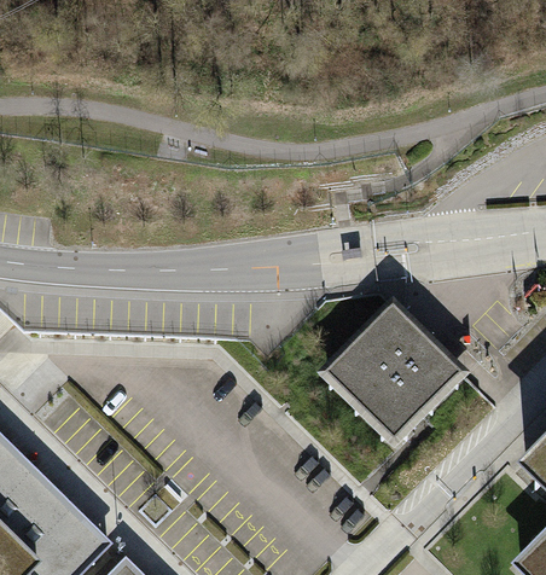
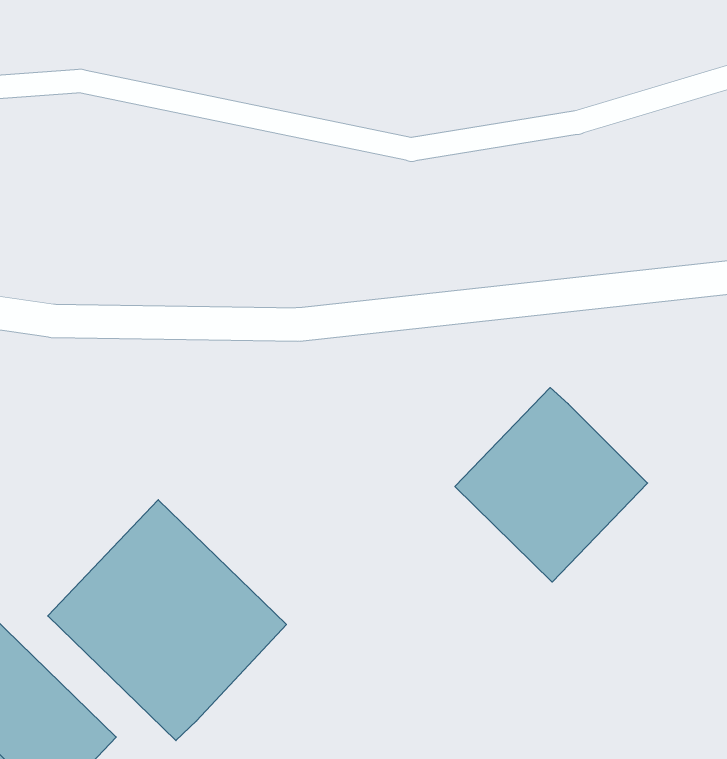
building: none -> [48,500,286,741]

